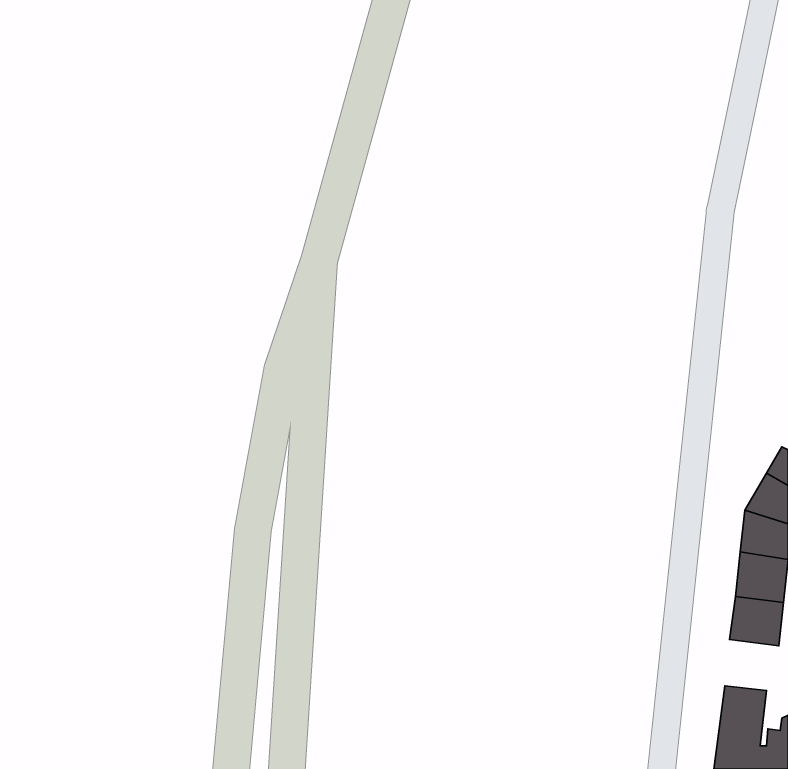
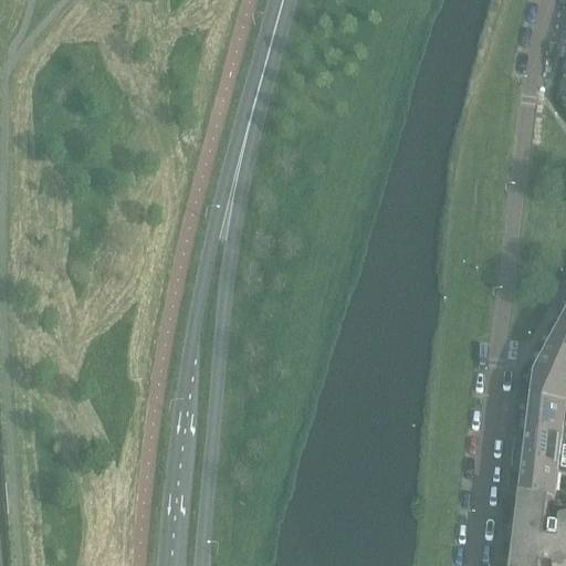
building: none -> [520,459,558,496]

